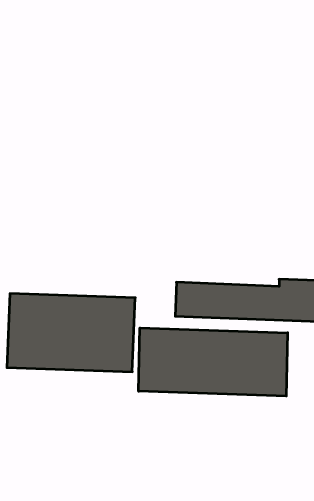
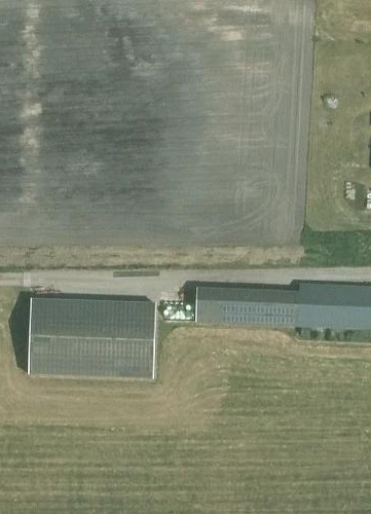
building: [139,328,288,396] -> none

